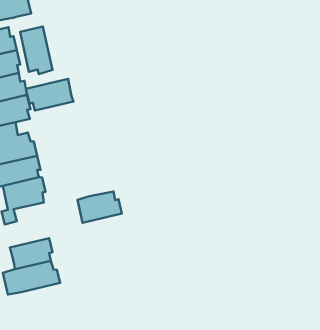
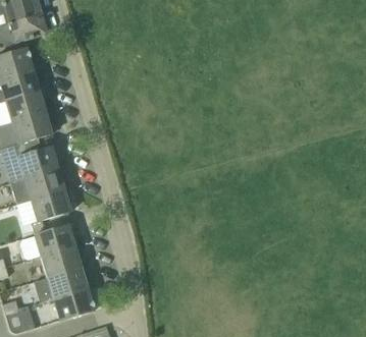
building: [20,26,52,74] -> none
building: [26,79,73,111] -> none
building: [78,191,122,223] -> [34,225,76,257]
building: none -> [53,287,94,321]

